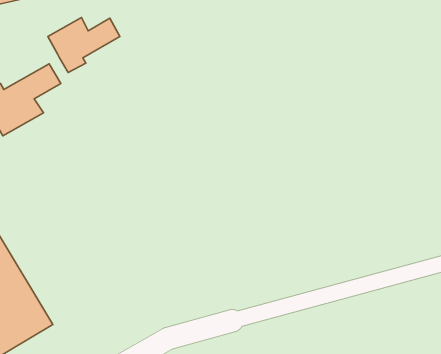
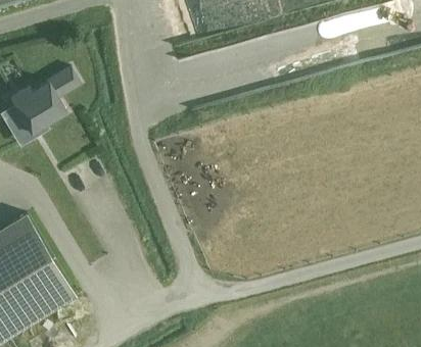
building: [48,17,120,73] -> none

